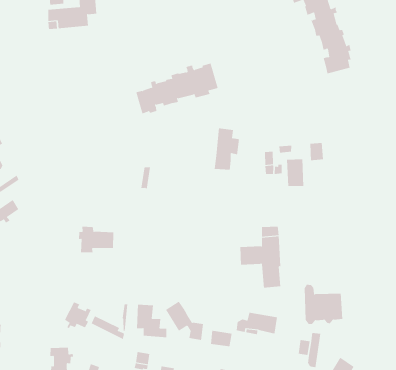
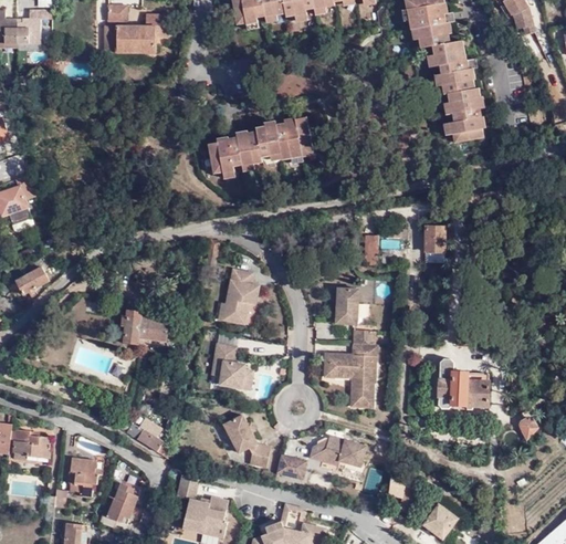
building: [214,128,240,170] -> [222,268,259,323]
building: [286,159,304,186] -> [335,287,358,324]
building: [304,284,343,325] -> [438,357,488,410]
building: [64,301,91,329] -> none
building: [136,304,167,338] -> [210,342,250,388]
building: none -> [12,429,51,459]

